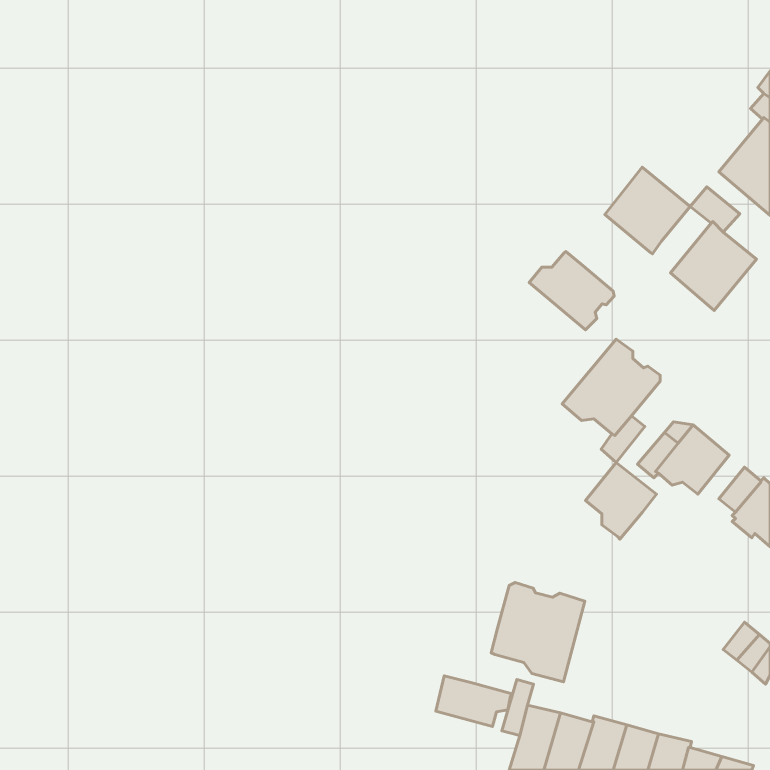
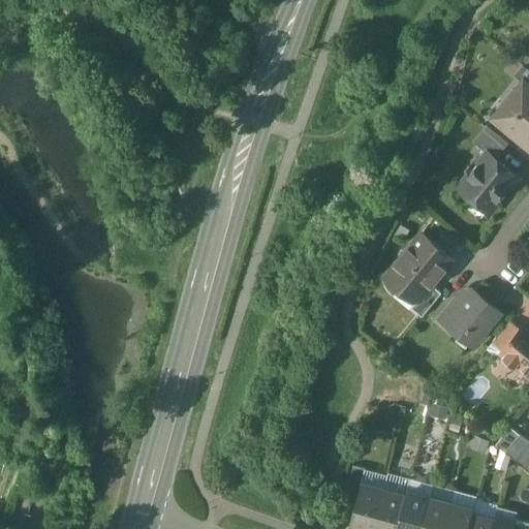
building: [605,167,690,254] -> none
building: [529,252,614,330] -> none
building: [586,463,656,539] -> none
building: [491,582,585,682] -> none
building: [436,676,512,726] -> none

